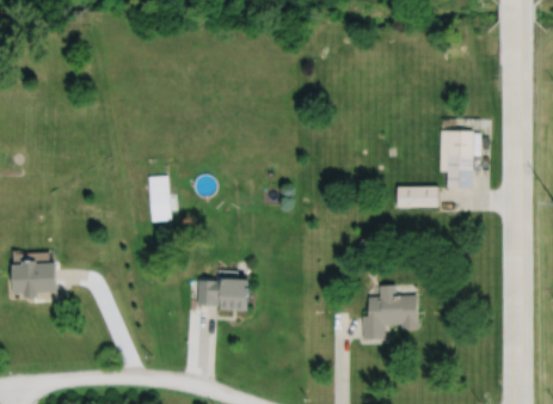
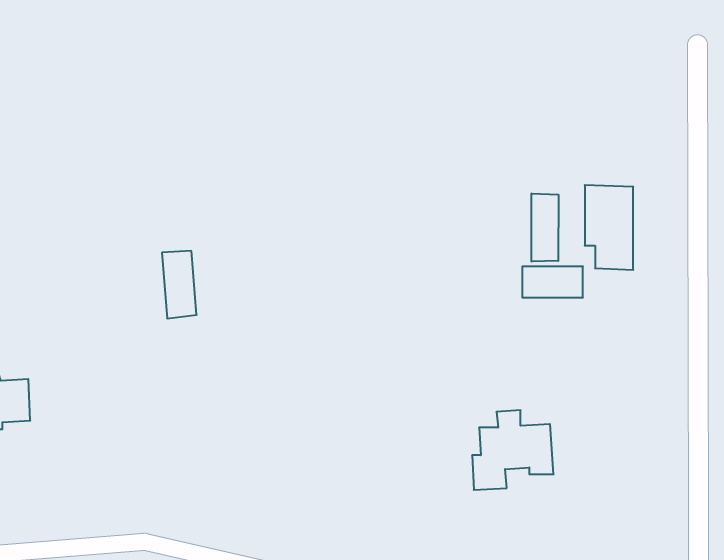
building: none -> [532,193,558,262]
building: [198,271,251,312] -> none

